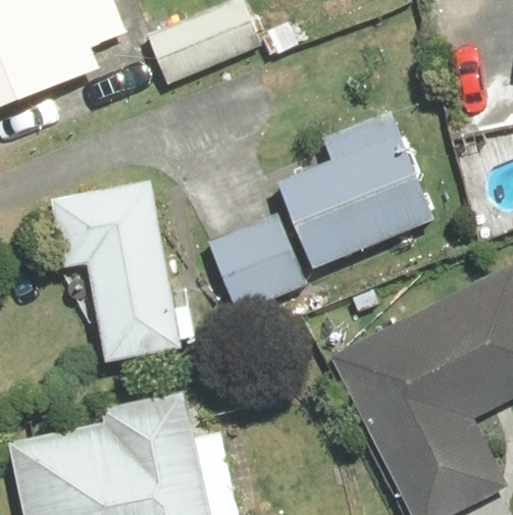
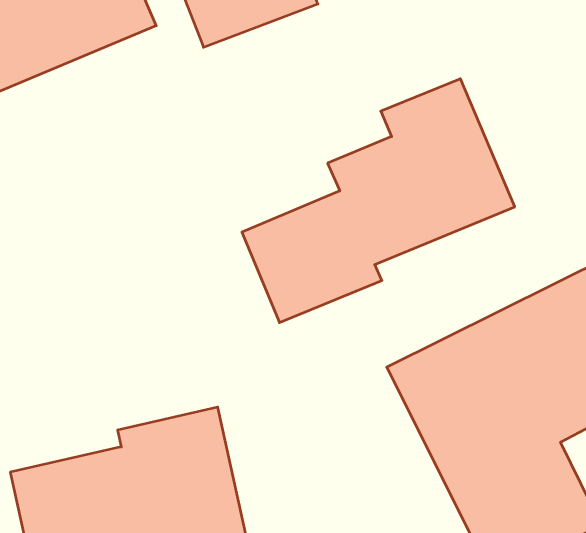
building: [51,184,179,360] -> none

